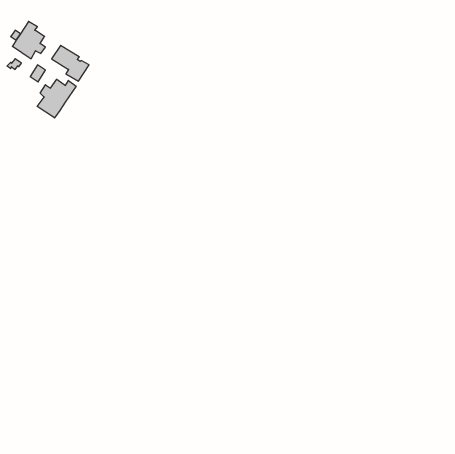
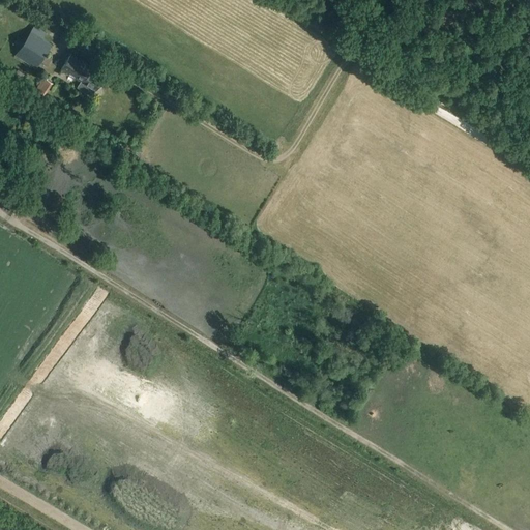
building: [37,79,76,118] -> none

